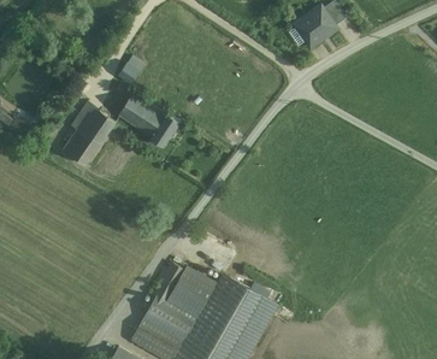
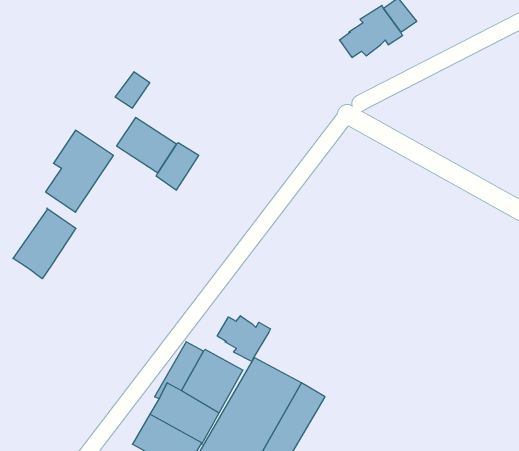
building: none -> [13,208,76,279]
building: none -> [217,316,270,362]

